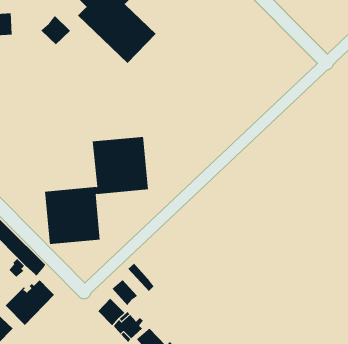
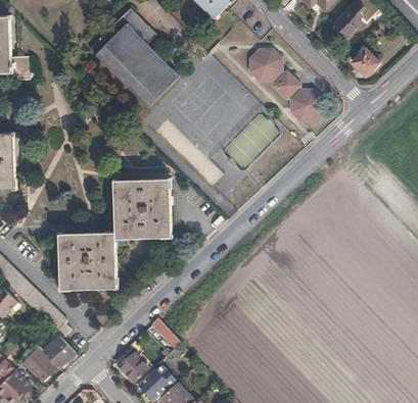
building: none -> [246,45,321,119]
building: none -> [351,46,379,74]
building: [41,15,71,45] -> none
building: [111,279,138,306] -> none

